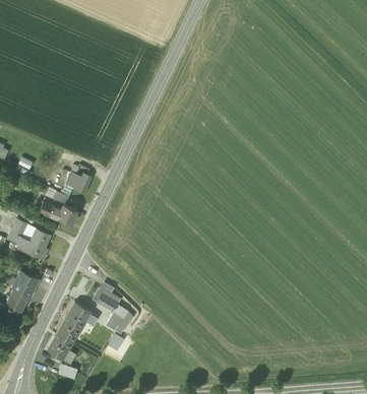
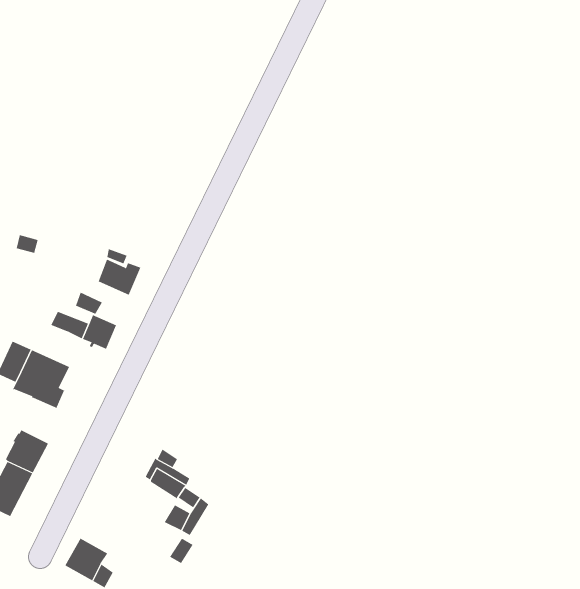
building: [56,303,90,343] -> none

